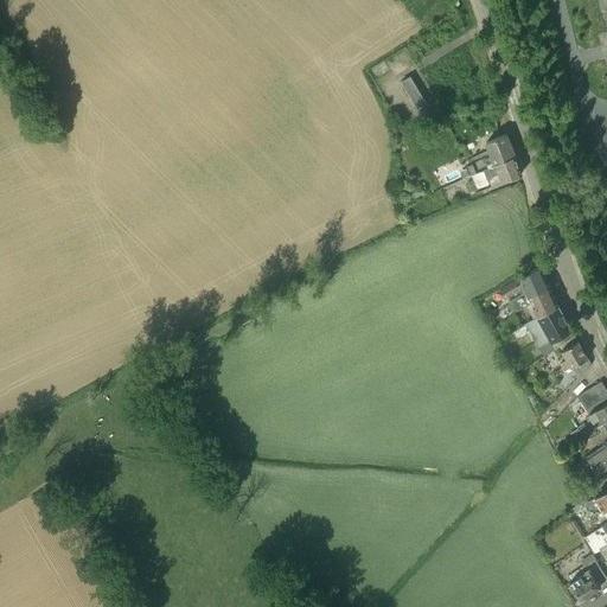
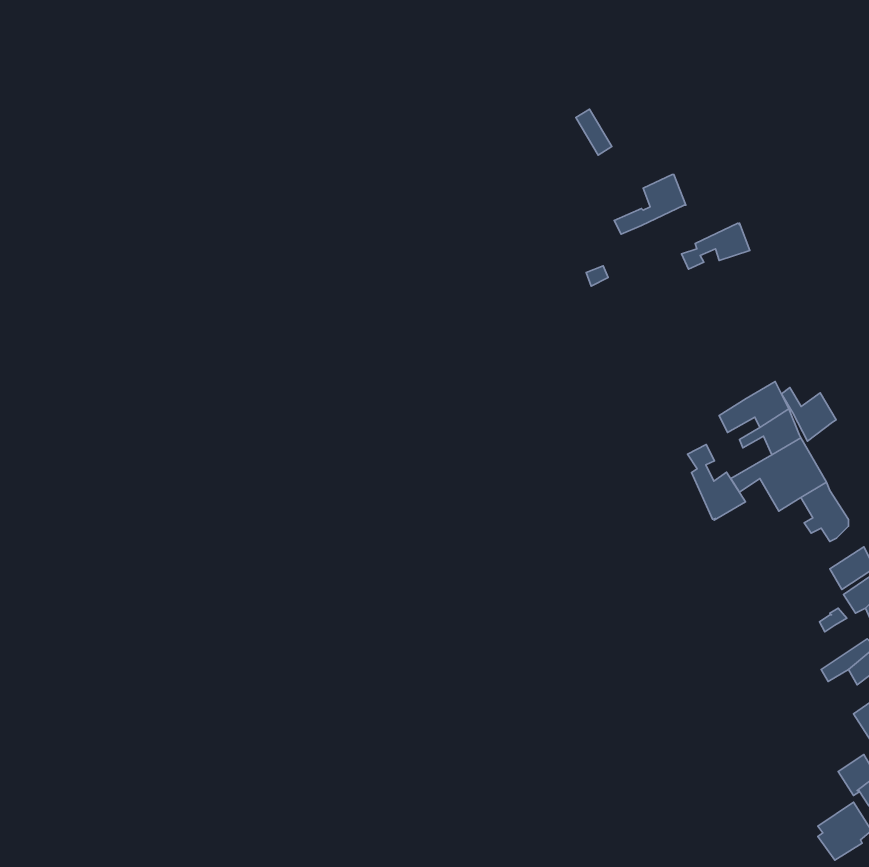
building: [466,136,516,178] -> [614,174,686,234]
building: none -> [781,388,836,441]
building: none -> [688,444,746,520]

